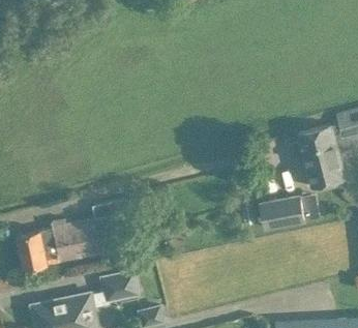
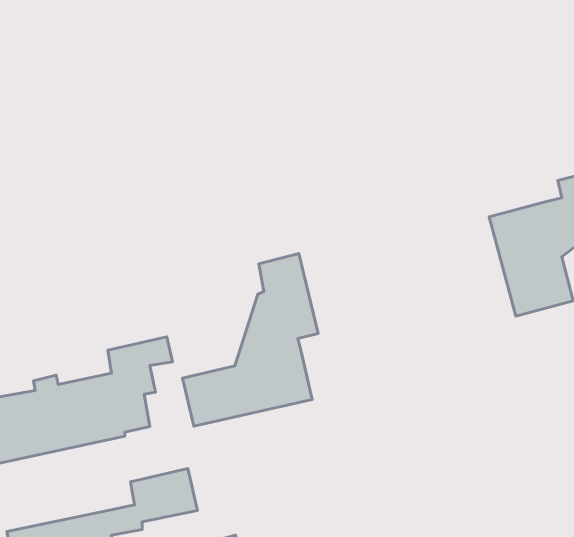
building: none -> [183,253,318,426]
building: [260,196,320,231] -> none

